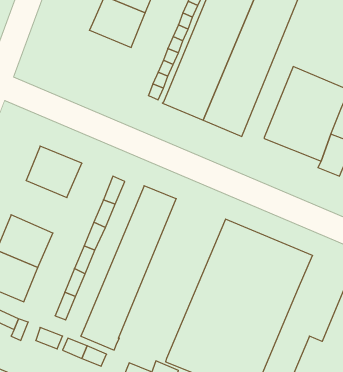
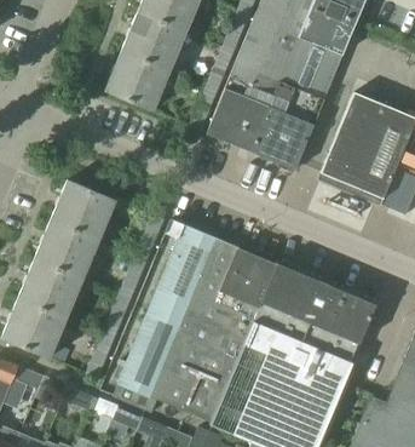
building: none -> [108,51,171,110]
building: none -> [35,220,98,280]
building: none -> [156,241,277,422]

